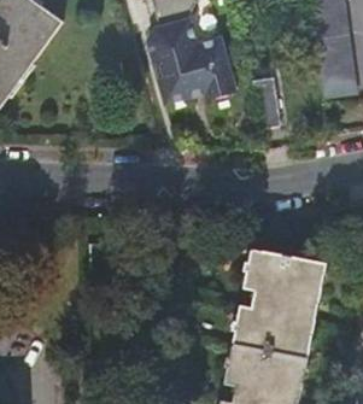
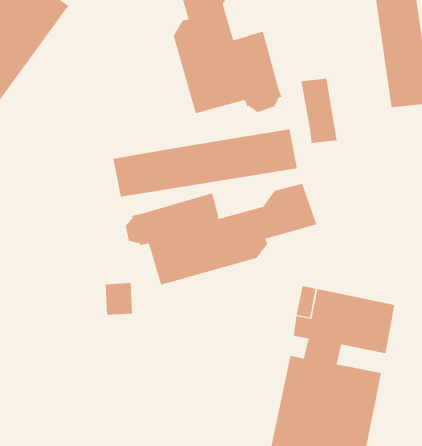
building: none -> [113,128,298,198]
building: none -> [125,183,317,286]

